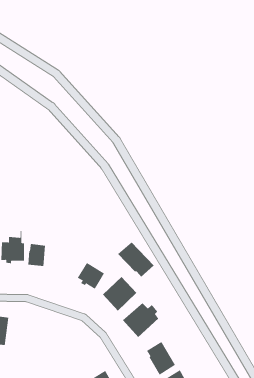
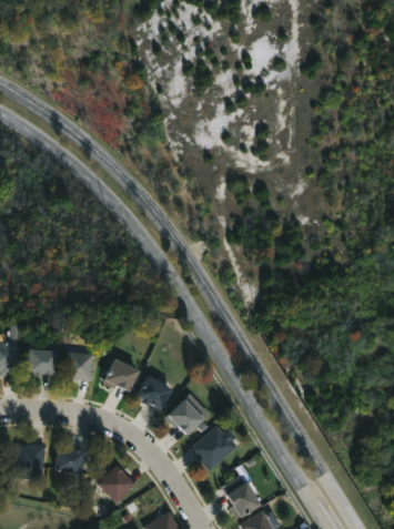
building: [117,241,154,278] -> none
building: none -> [101,358,137,391]
building: none -> [53,445,82,474]
building: none -> [99,465,138,503]

